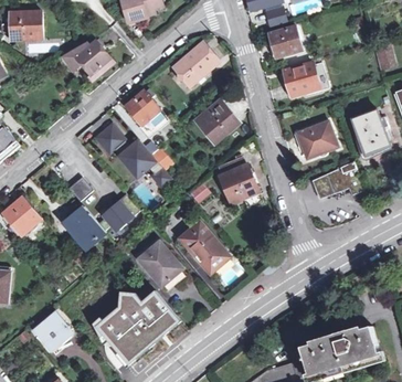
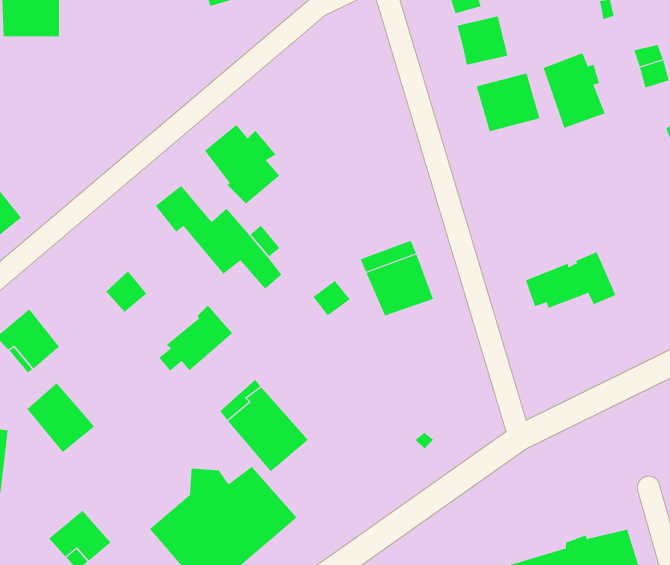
building: [57,38,116,81] -> none
building: [174,42,220,86] -> none
building: [198,102,236,141] -> none
building: [353,108,390,152] -> [543,53,606,129]
building: [297,121,337,156] -> none
building: [64,208,104,248] -> [26,383,95,453]
building: [180,223,230,275] -> none

